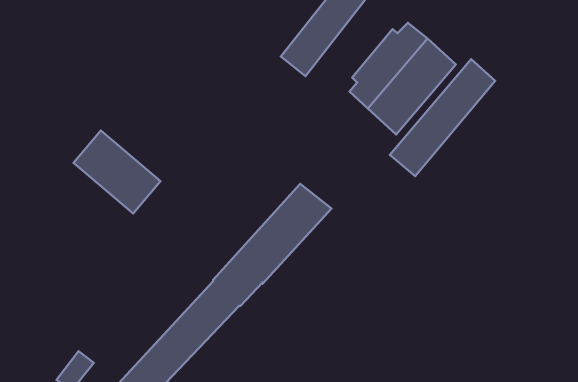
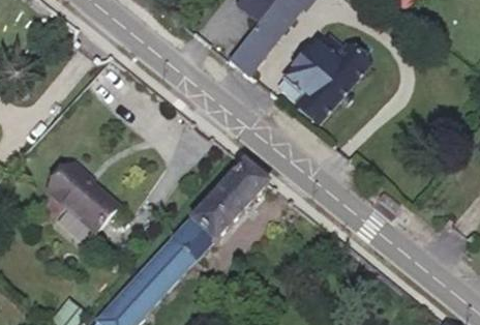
building: [390,59,495,176] -> none
building: [74,130,160,214] -> [47,165,116,231]

